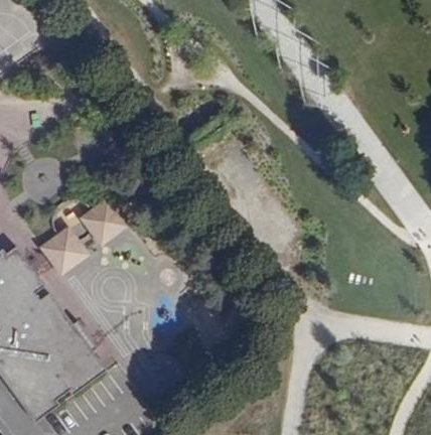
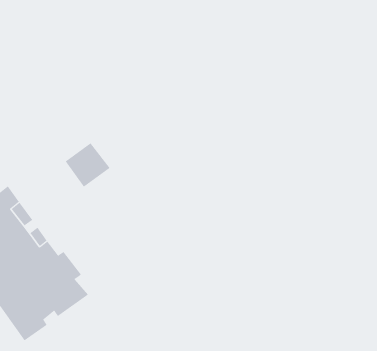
building: [36,228,86,278] -> none

